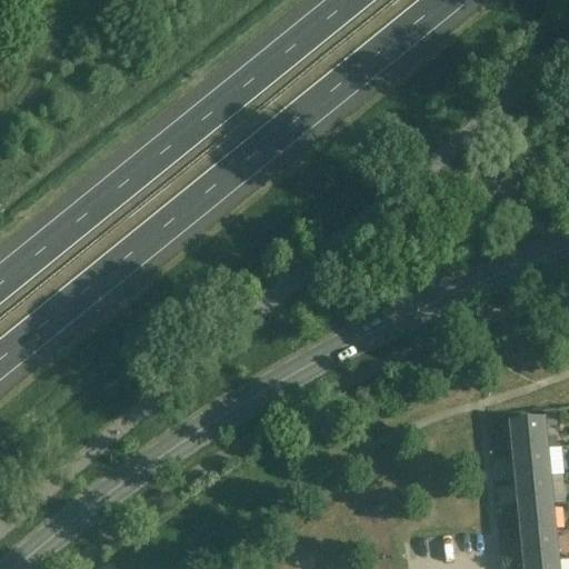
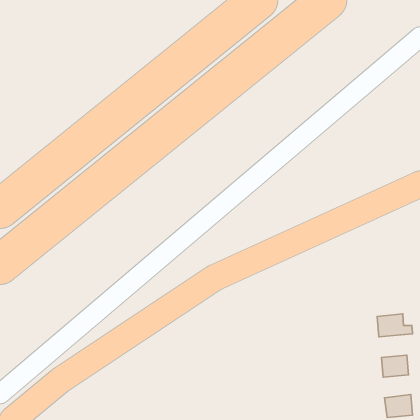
building: [512,452,550,483] -> none
building: [518,507,556,538] -> none

